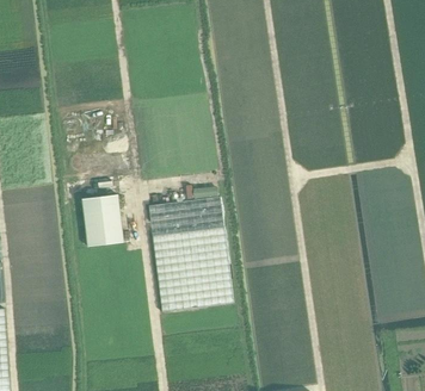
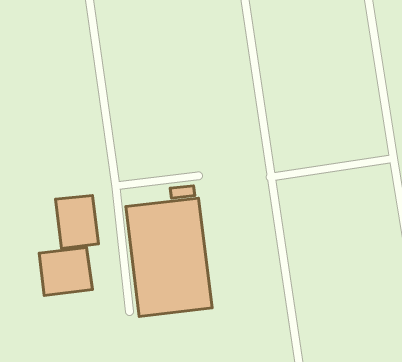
building: none -> [39,248,93,296]

